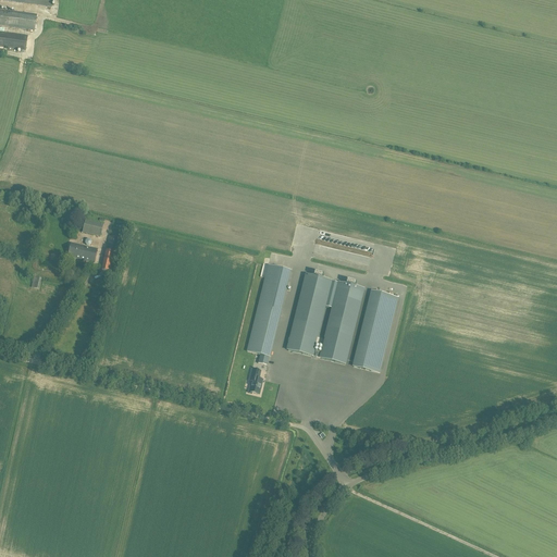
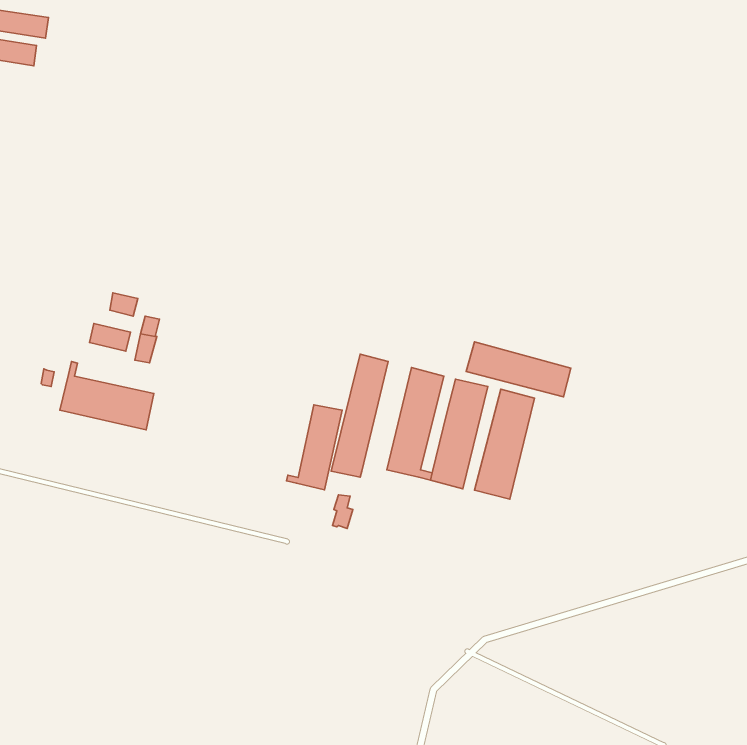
building: none -> [466,342,571,397]
building: none -> [60,361,154,430]
building: none -> [286,405,342,490]

